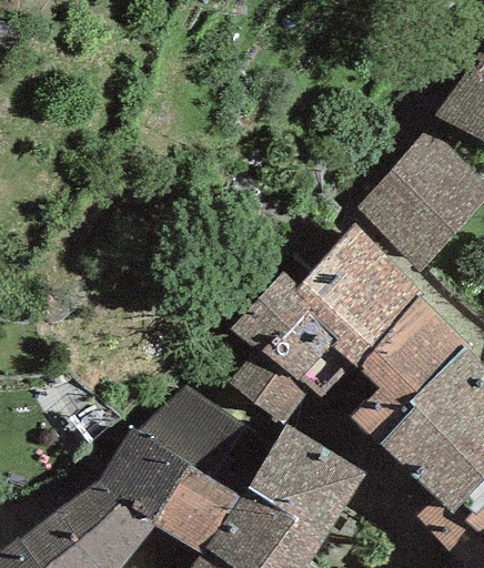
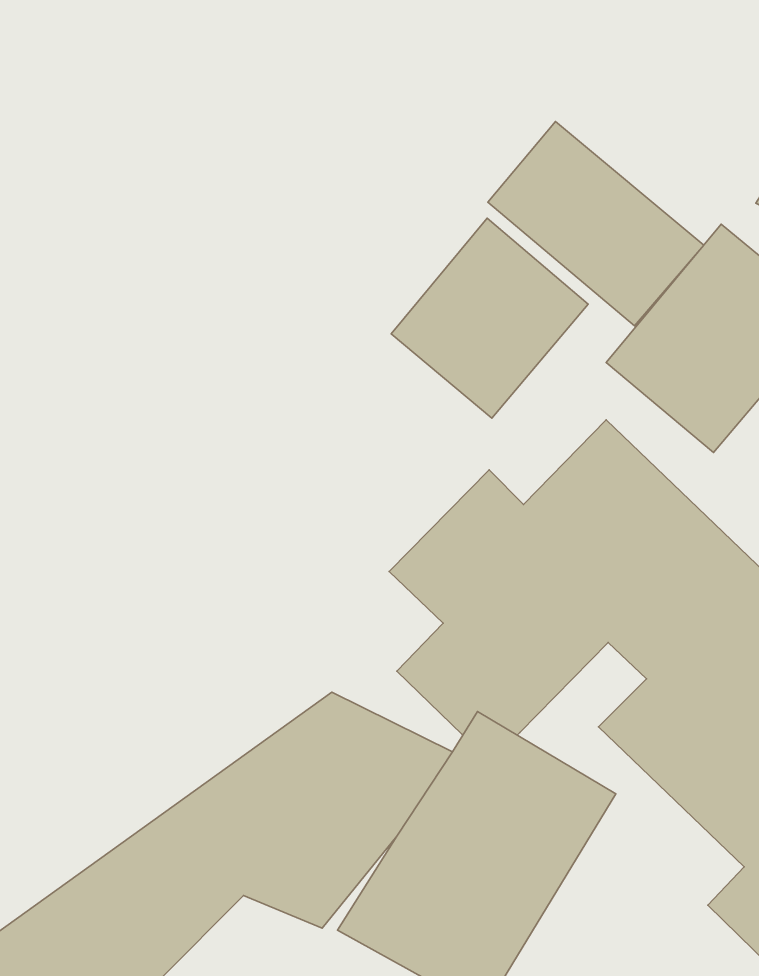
building: none -> [488,122,704,326]
building: none -> [391,218,588,418]

